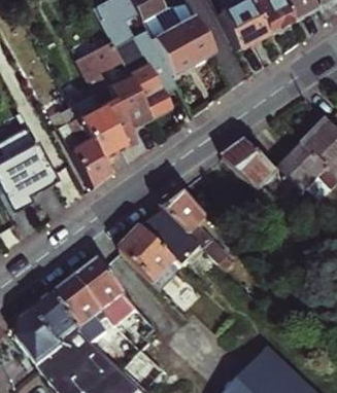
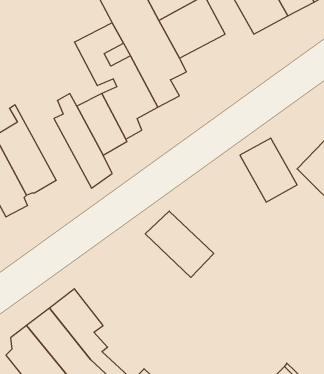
building: [159,190,227,262] -> none
building: [121,229,181,289] -> none
building: [76,261,157,336] -> none

